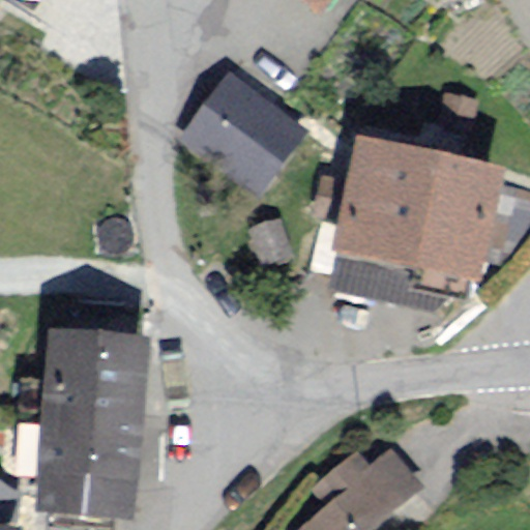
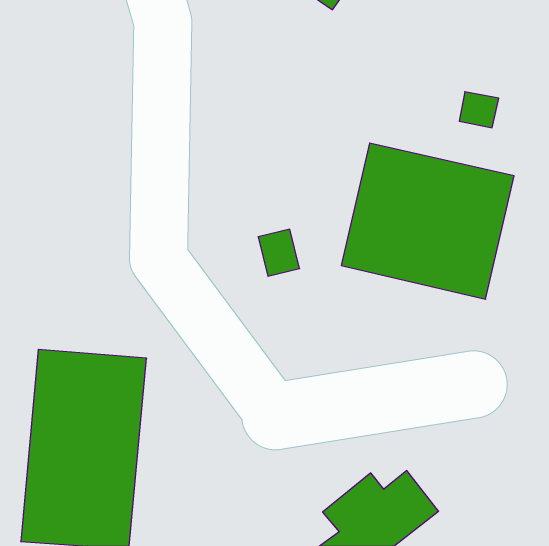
building: [185,63,314,189] -> none

